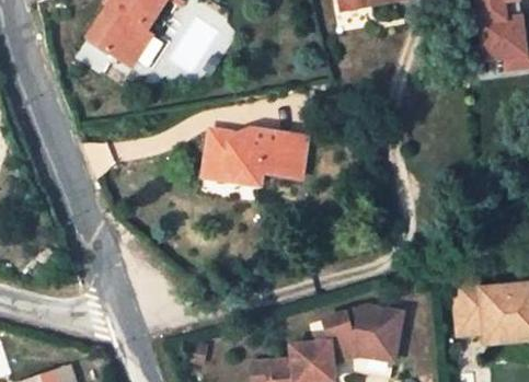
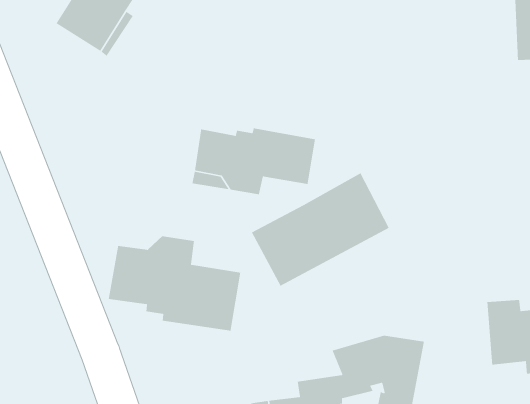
building: none -> [251,172,390,287]
building: none -> [108,235,241,331]

